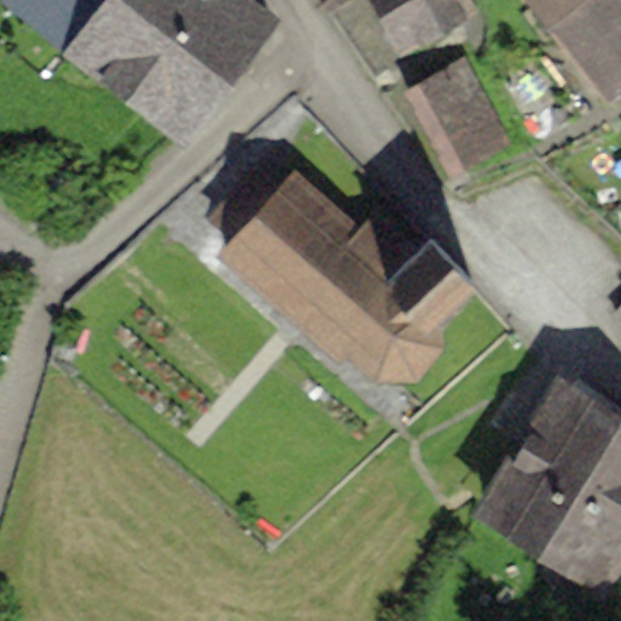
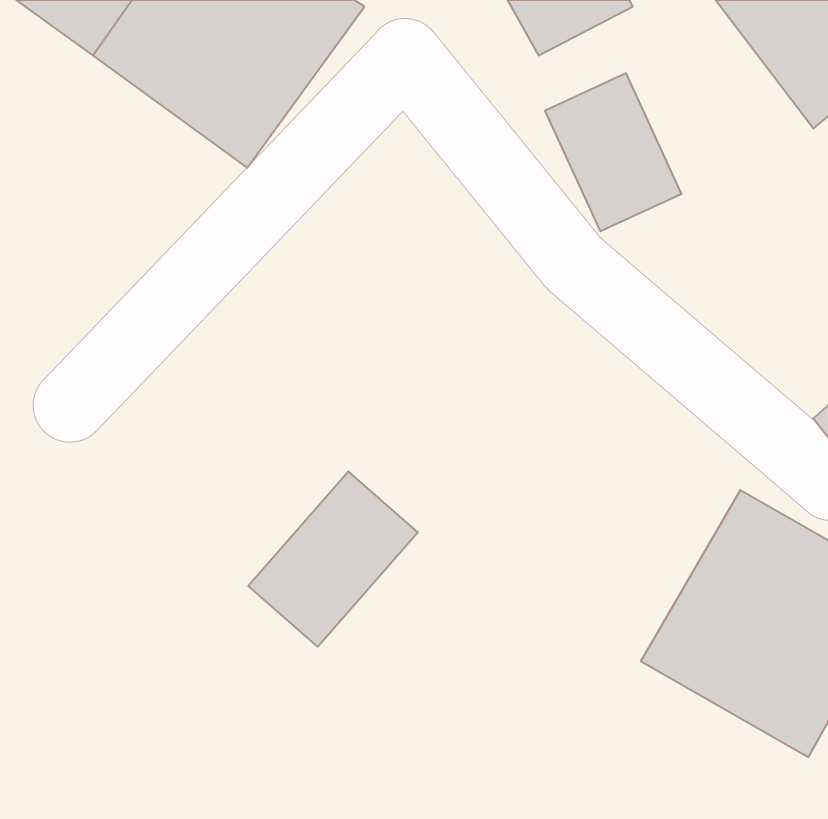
building: [220,166,478,382] -> none
building: none -> [248,471,418,647]

